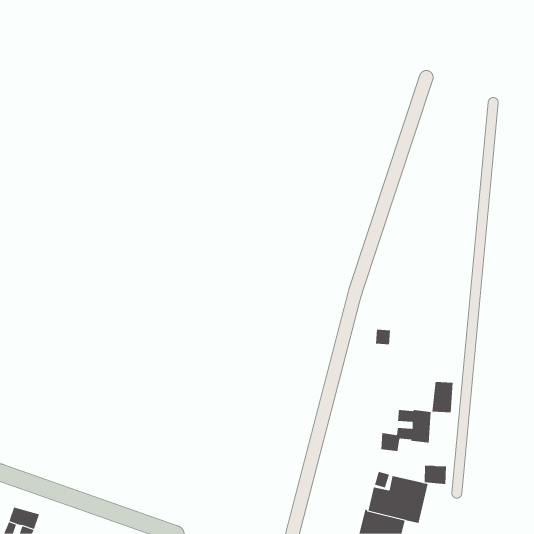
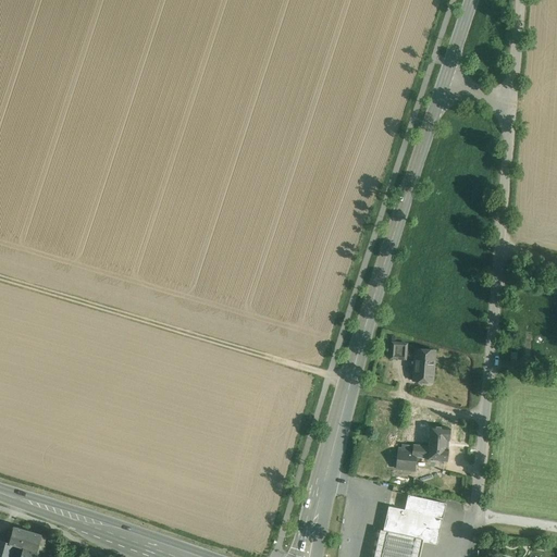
building: [432,381,454,413] -> [412,349,435,382]
building: [424,465,446,485] -> none

